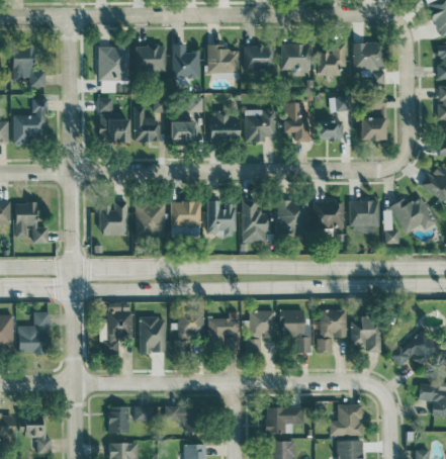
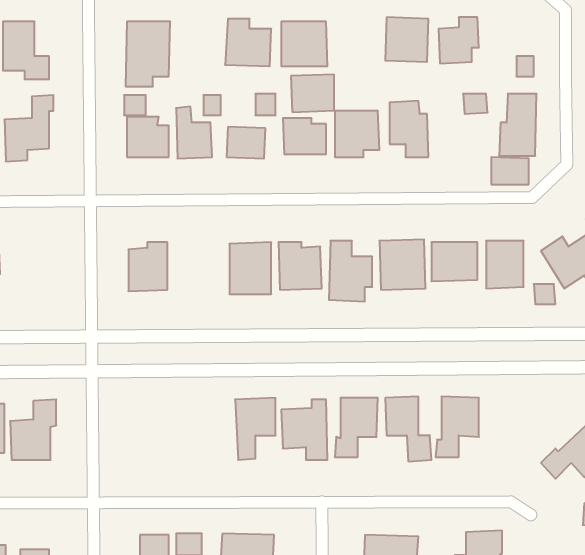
building: [353,41,384,69] -> none
building: [135,44,166,73] -> none
building: [244,44,274,71] -> [291,75,334,112]
building: [317,120,343,140] -> [491,157,529,184]
building: [135,201,166,237] -> none
building: [14,202,48,244] -> none
building: [106,304,131,354] -> none
building: [139,317,165,354] -> none
building: [350,317,381,353] -> none

